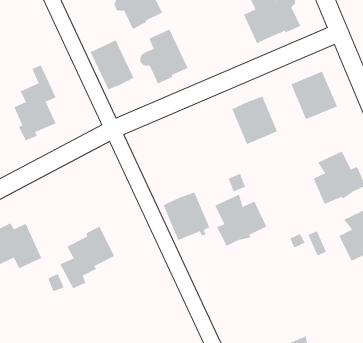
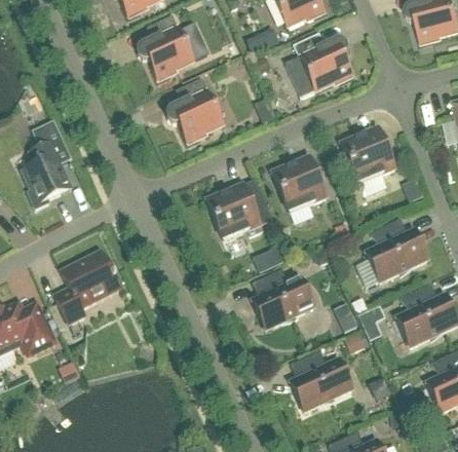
building: [90,40,134,90] -> none
building: [163,192,210,241] -> [205,183,260,239]
building: [60,226,115,289] -> [53,250,117,323]
building: none -> [291,350,351,411]

